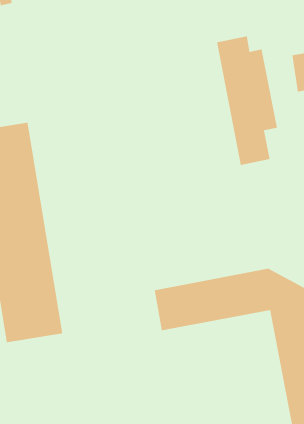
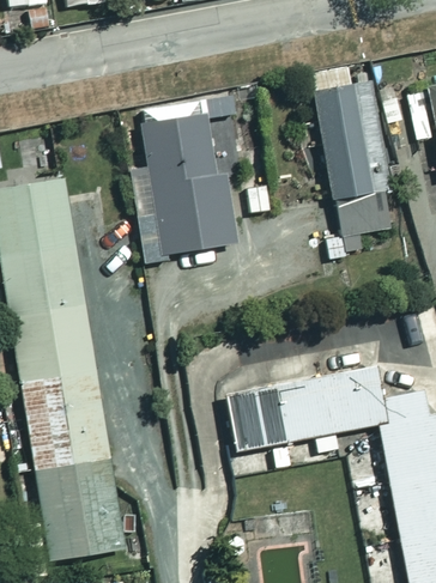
building: none -> [128,95,247,262]
building: none -> [36,456,126,560]

